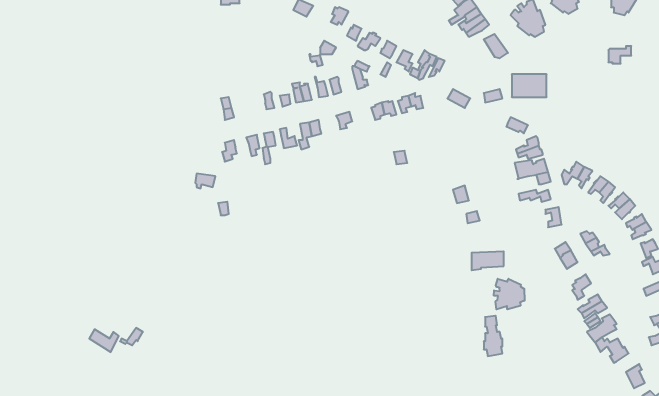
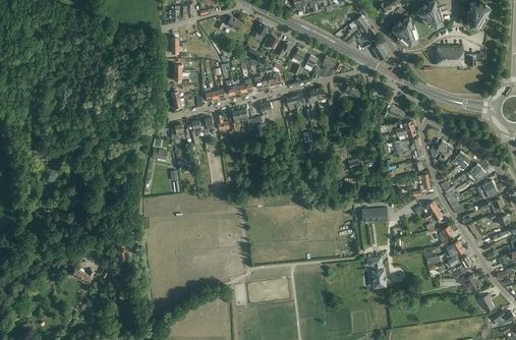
building: [512,74,547,97] -> [437,48,463,65]
building: [494,279,525,309] -> none

